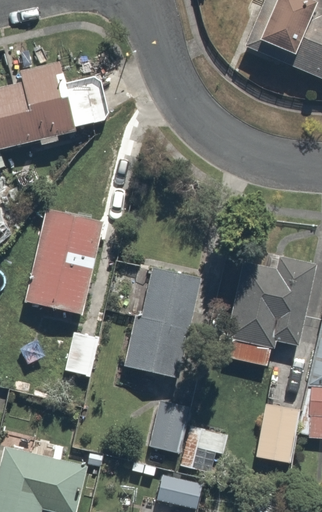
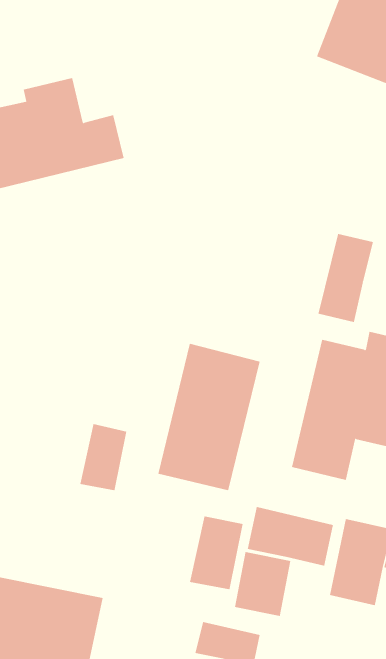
building: none -> [318,233,373,323]
building: [26,206,110,315] -> none
building: none -> [247,506,334,566]

